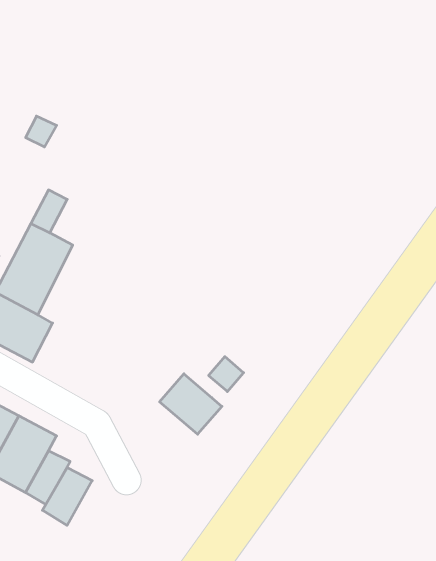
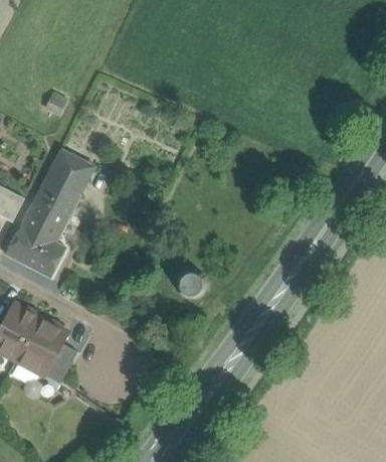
building: none -> [62,155,93,189]
building: [160,374,222,434] -> none
building: [42,467,92,525] -> none

